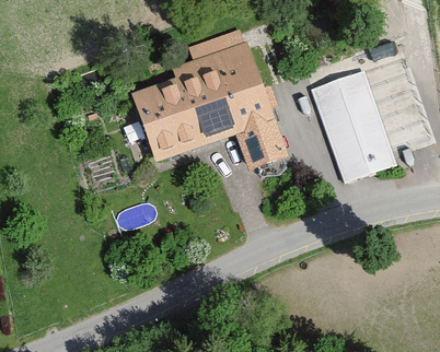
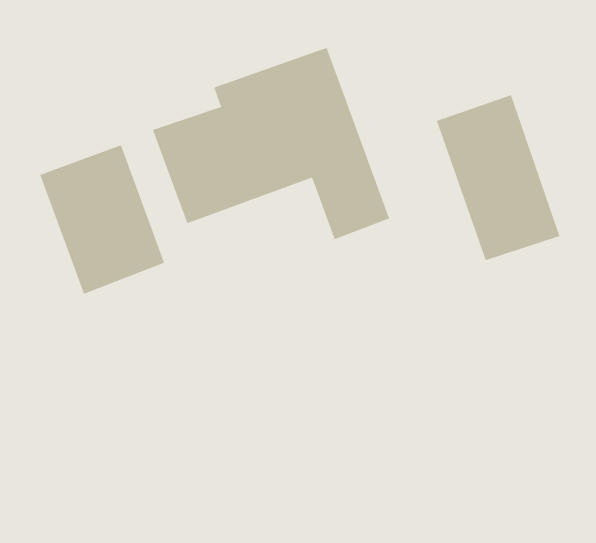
building: none -> [39,144,165,295]

